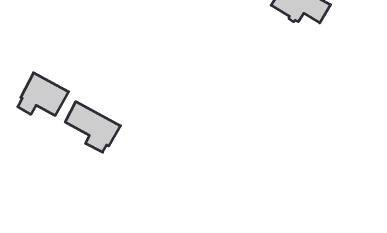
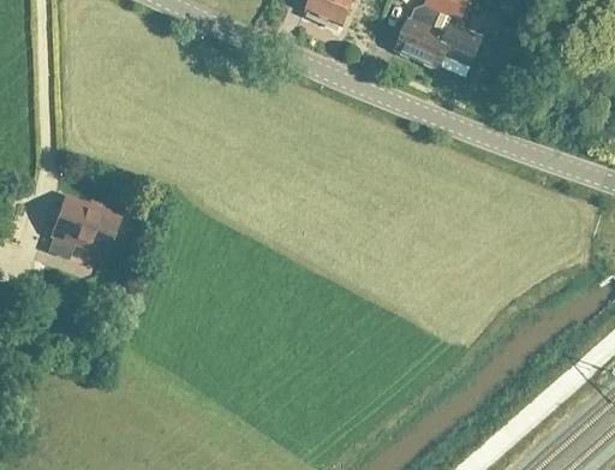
building: [65,102,121,152] -> none

